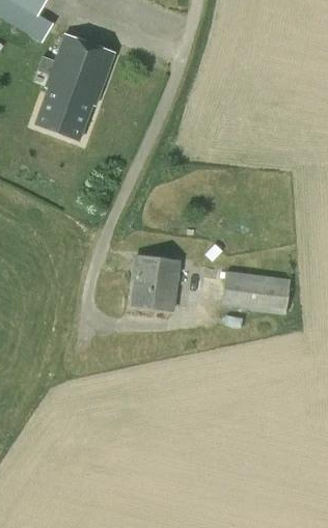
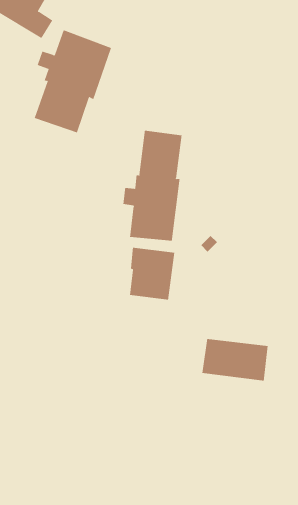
building: none -> [123,130,182,242]
building: [222,271,291,314] -> [202,339,269,381]

